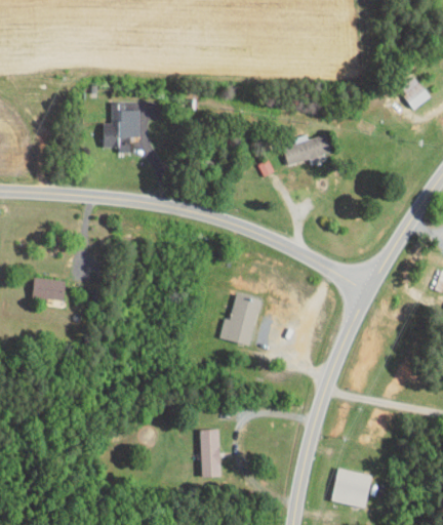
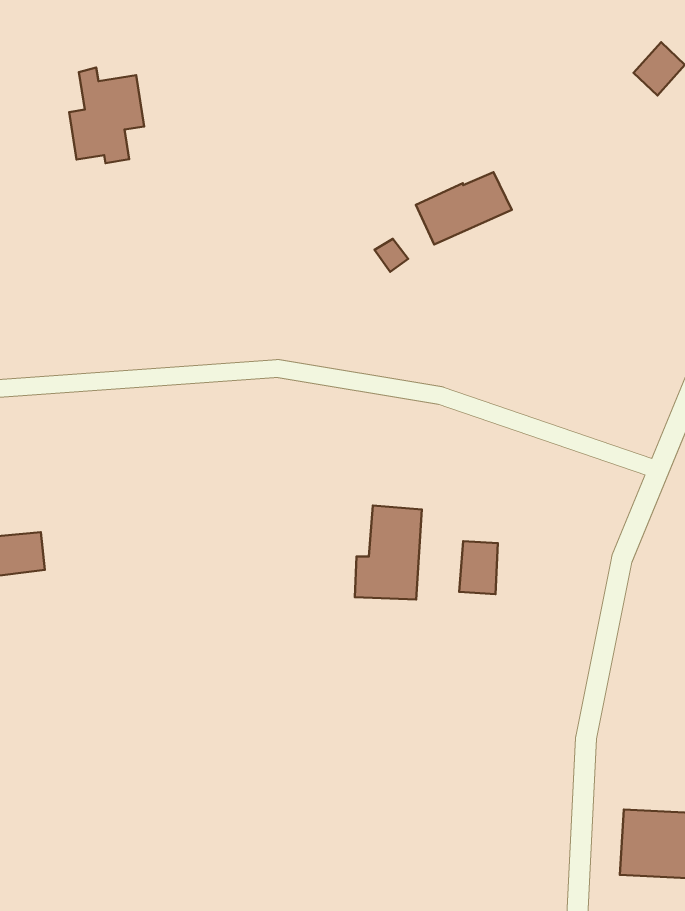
building: [104,103,140,152] -> [69,67,144,163]
building: none -> [459,541,498,594]
building: [201,429,220,477] -> none

